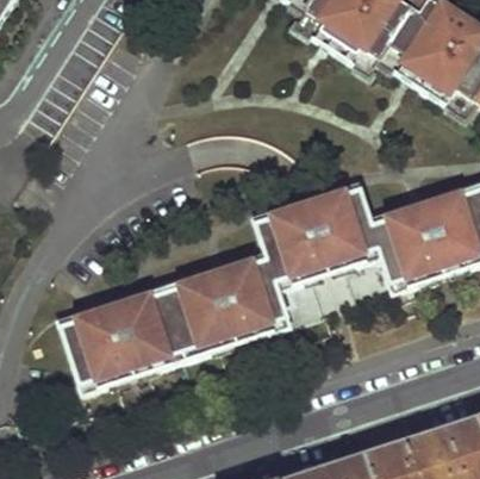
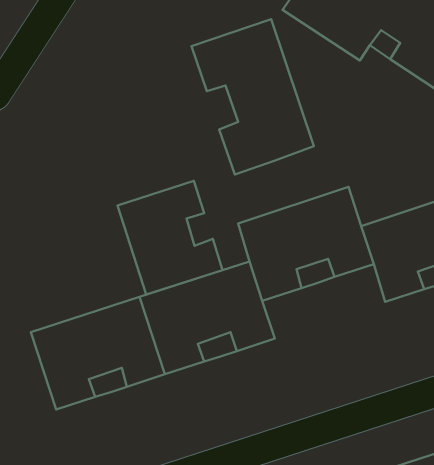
building: none -> [191,19,314,175]
building: none -> [117,181,223,295]

